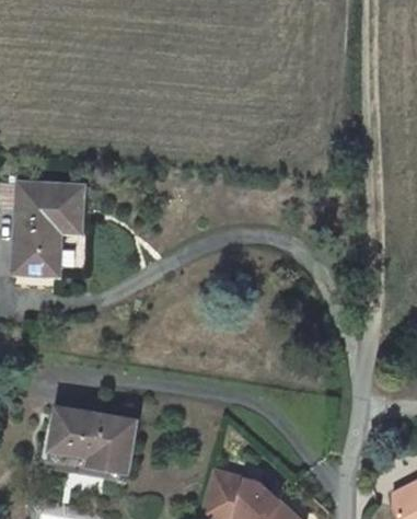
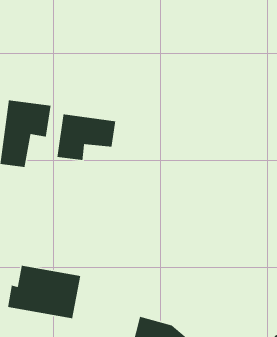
building: none -> [57,113,116,161]

